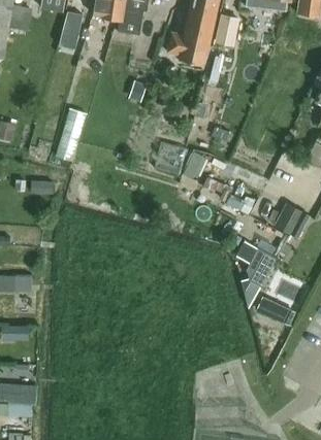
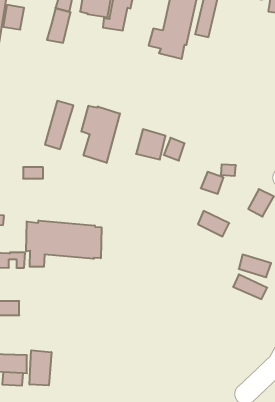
building: none -> [81,106,120,163]
building: none -> [26,220,101,267]
building: [242,248,276,287] -> none
building: none -> [30,350,51,385]

